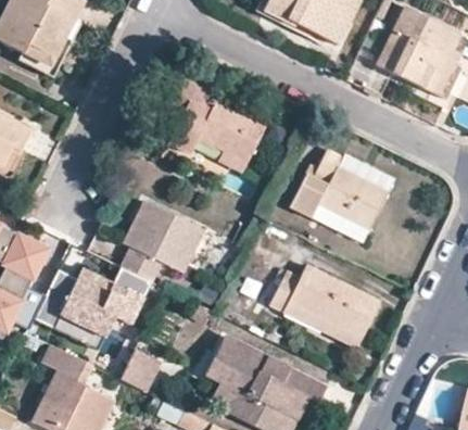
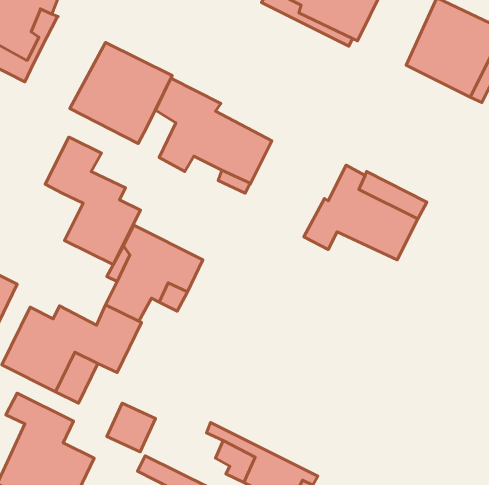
building: none -> [70,43,172,143]
building: none -> [45,137,140,264]
building: [268,267,377,350] -> none
building: [211,337,328,413] -> none

